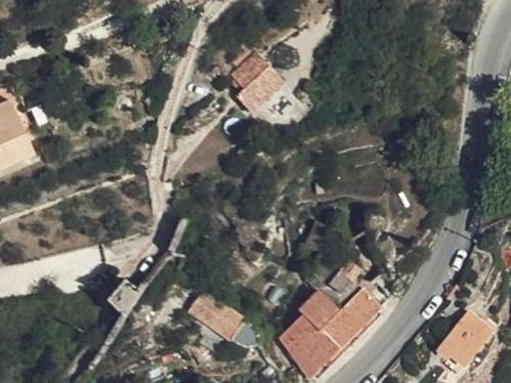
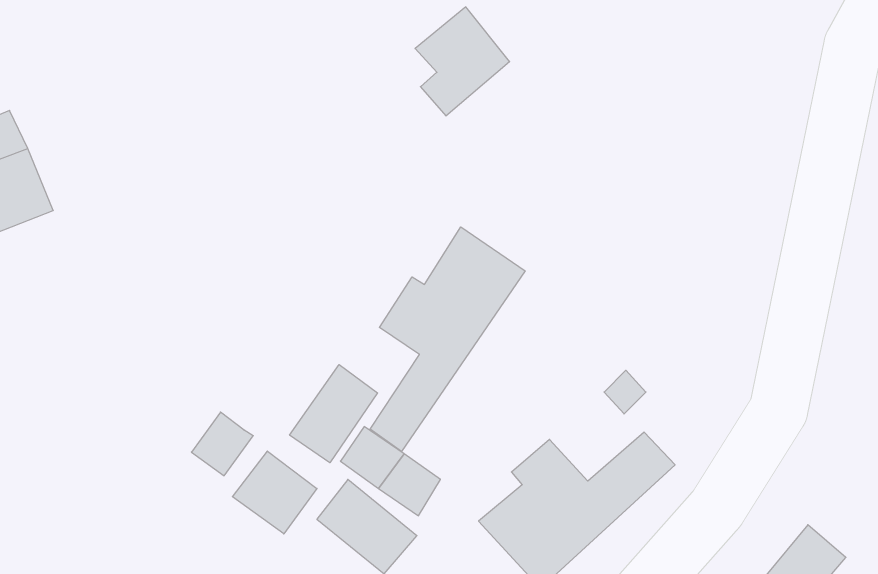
building: none -> [370,227,525,451]
building: none -> [290,365,378,463]
building: none -> [232,451,317,534]

